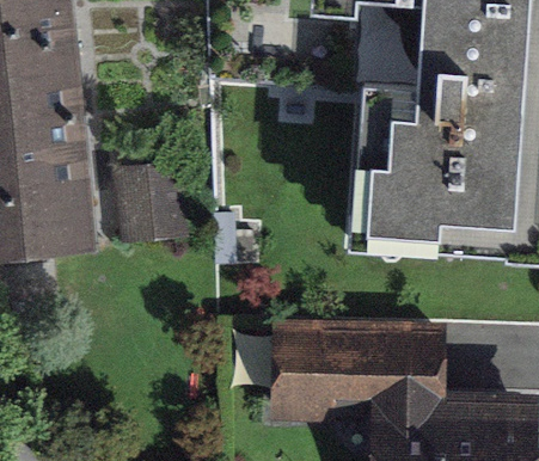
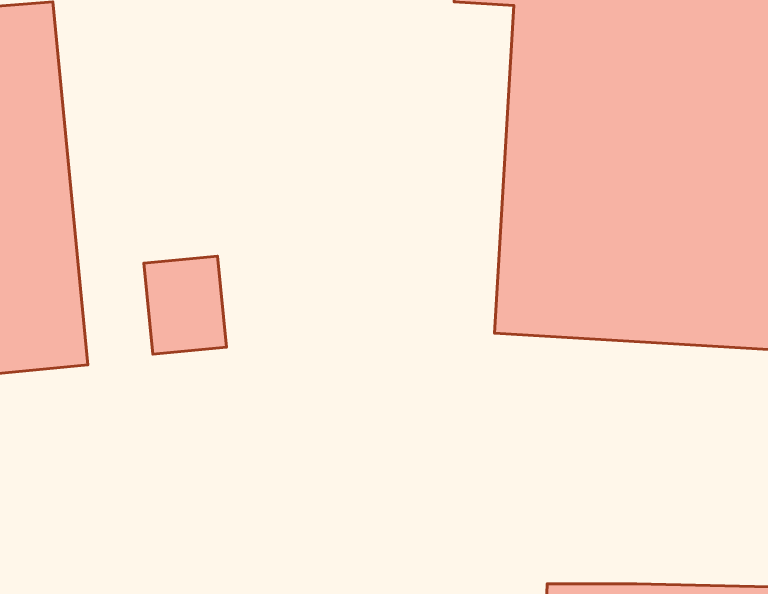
building: [280,314,449,406] -> none

